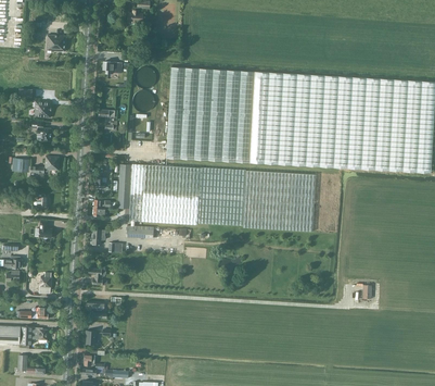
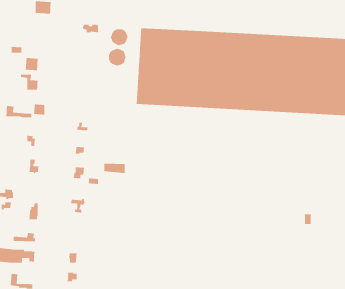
building: [117,165,316,232] -> none

